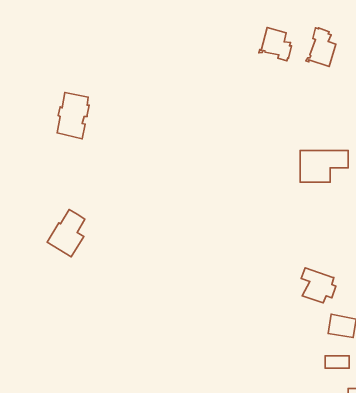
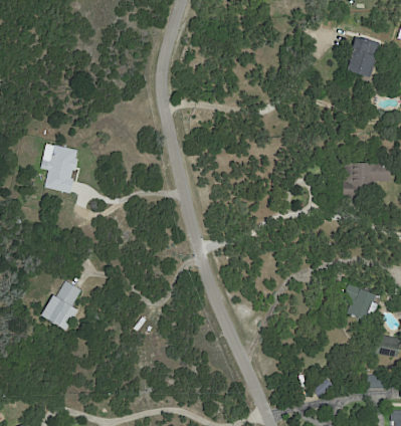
building: [259,27,291,61] -> none
building: [57,92,89,139] -> [45,145,78,193]
building: [47,209,85,257] -> [39,282,78,332]

